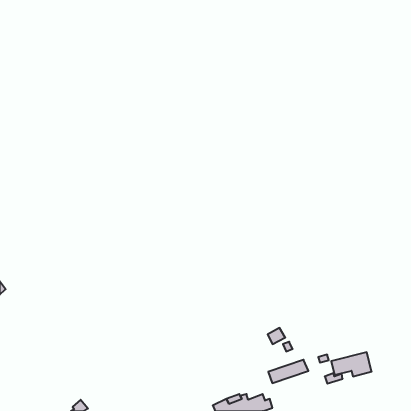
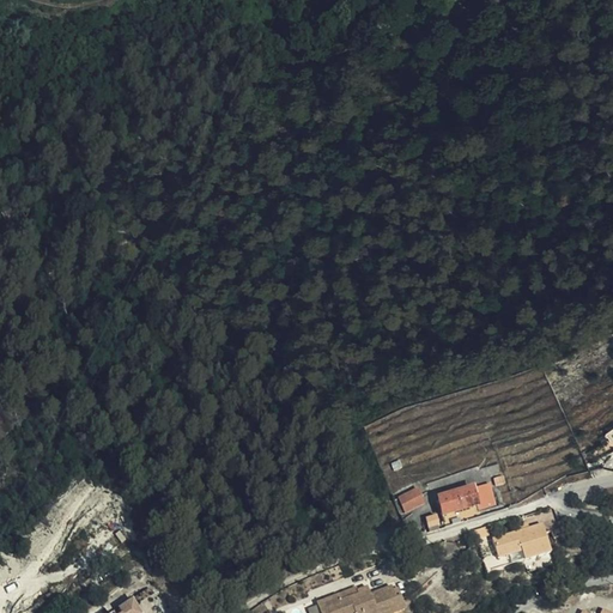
building: [268,360,308,383] -> [436,482,496,517]

